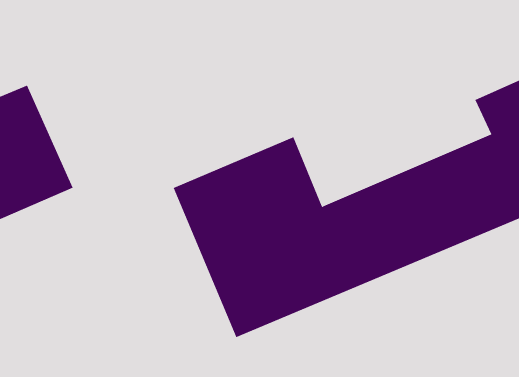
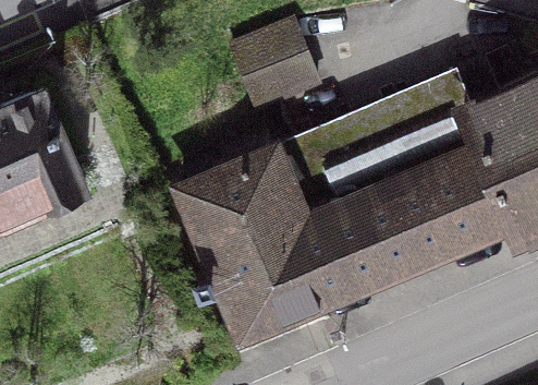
building: none -> [231,28,317,115]
building: none -> [296,79,484,212]

